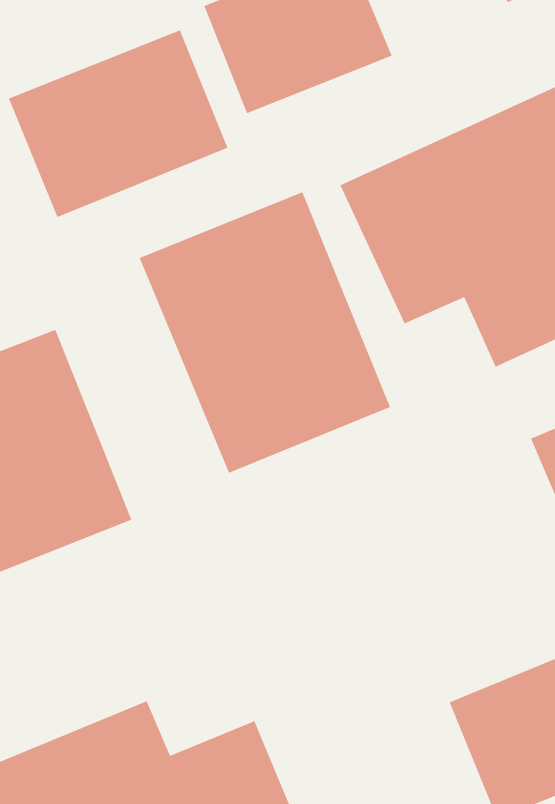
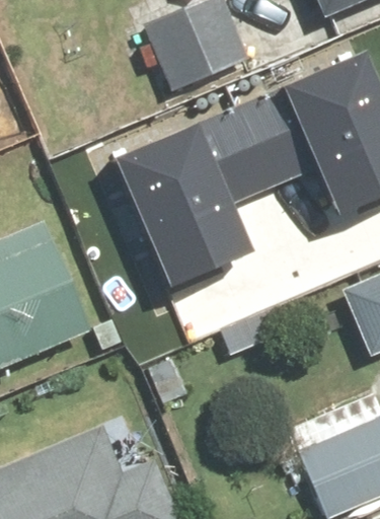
building: [8,30,228,218] -> none

